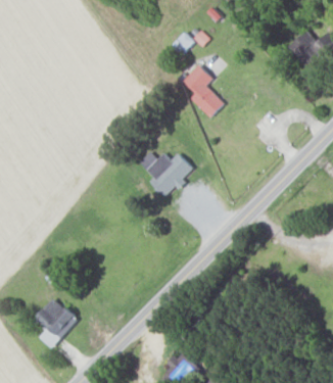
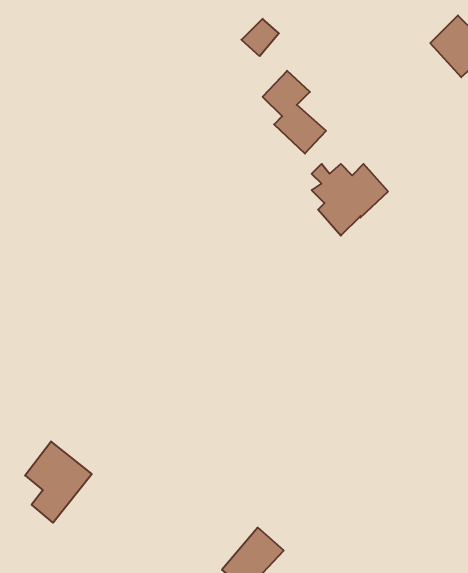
building: [145,152,193,197] -> [312,164,388,236]

